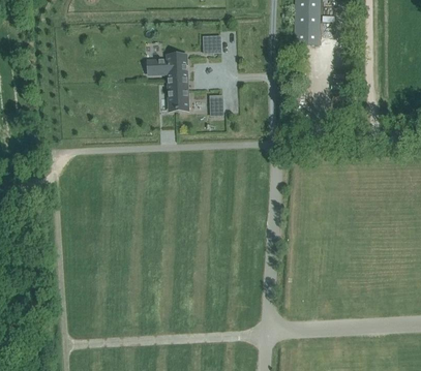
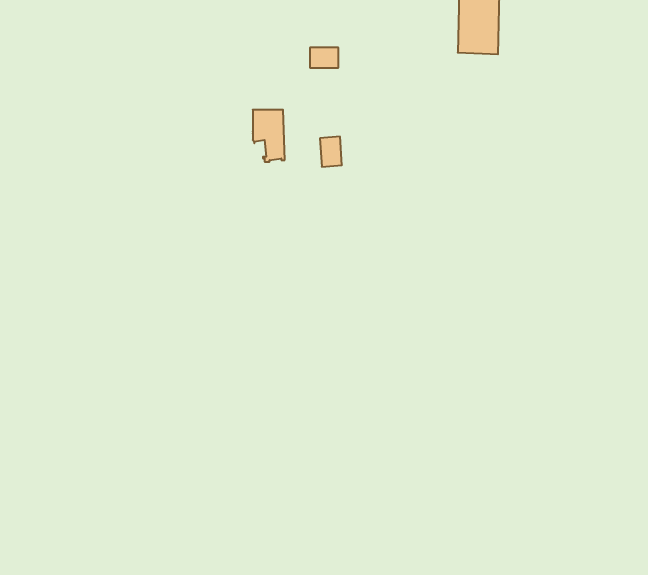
building: [153,56,187,78] -> none

